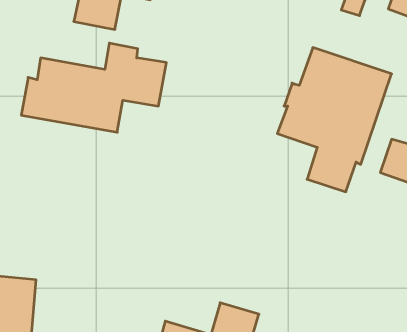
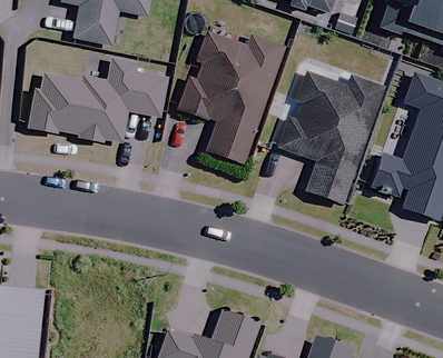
building: none -> [178,30,282,165]

